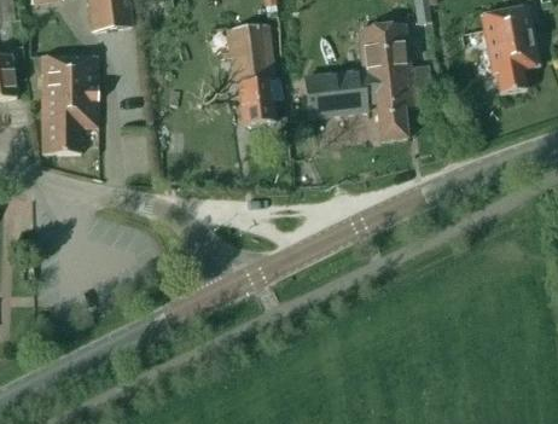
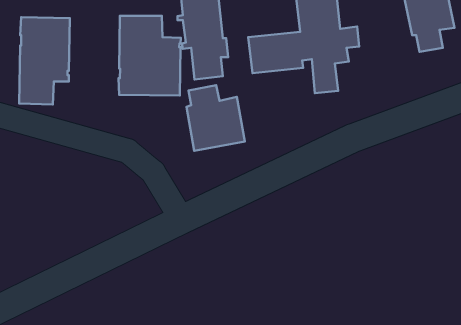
building: none -> [119,16,181,95]
building: none -> [187,85,245,151]

